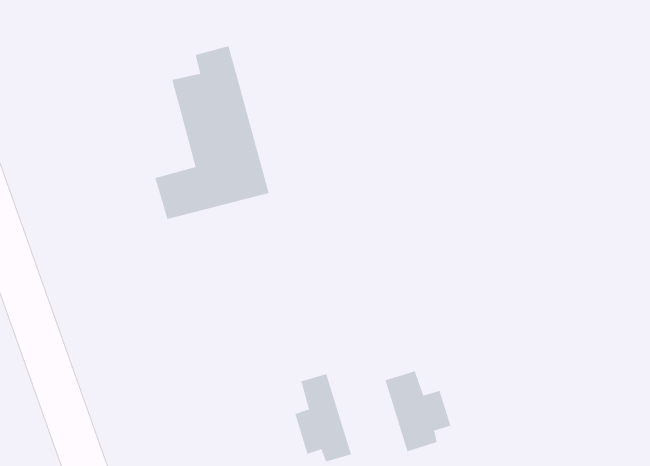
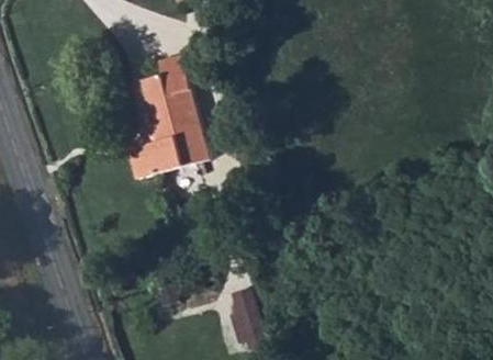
building: [385,370,451,452] -> none

